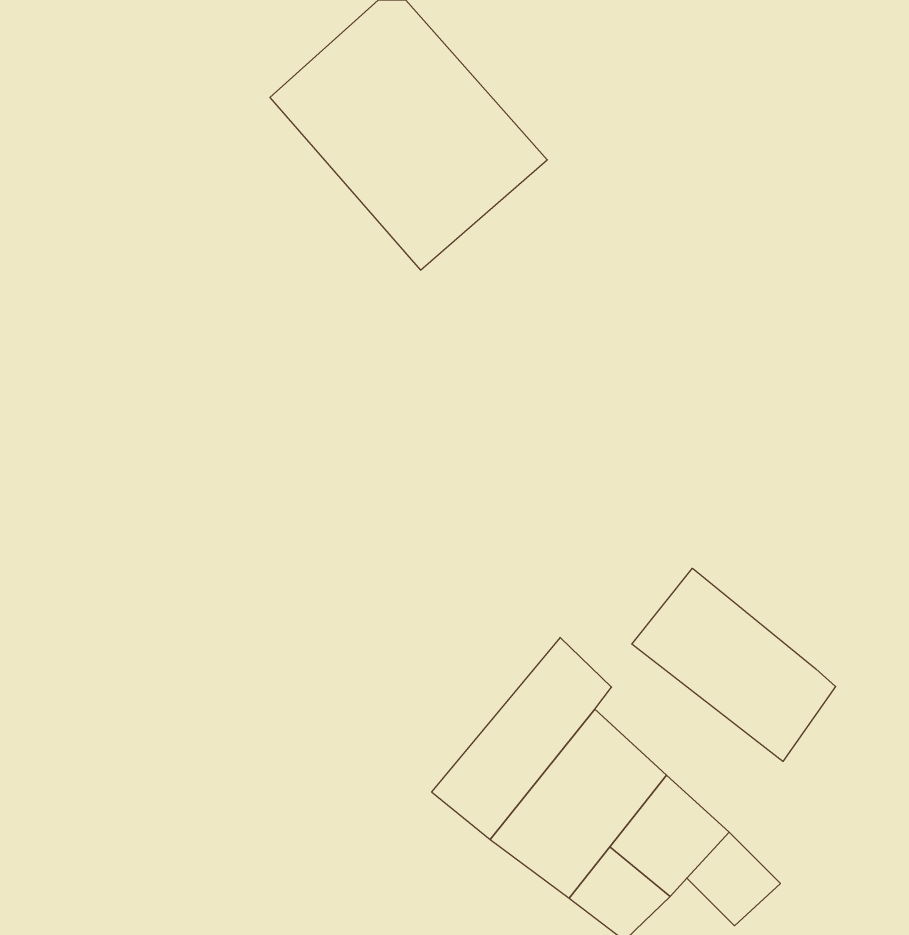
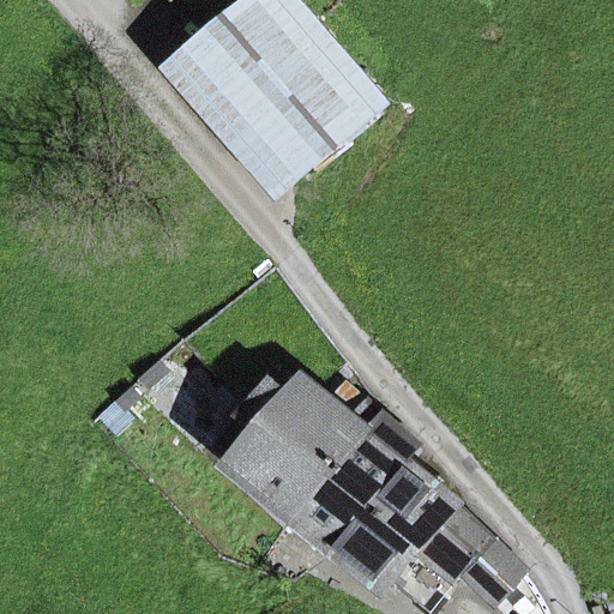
building: [632,568,836,761] -> none
building: none -> [217,384,366,519]

